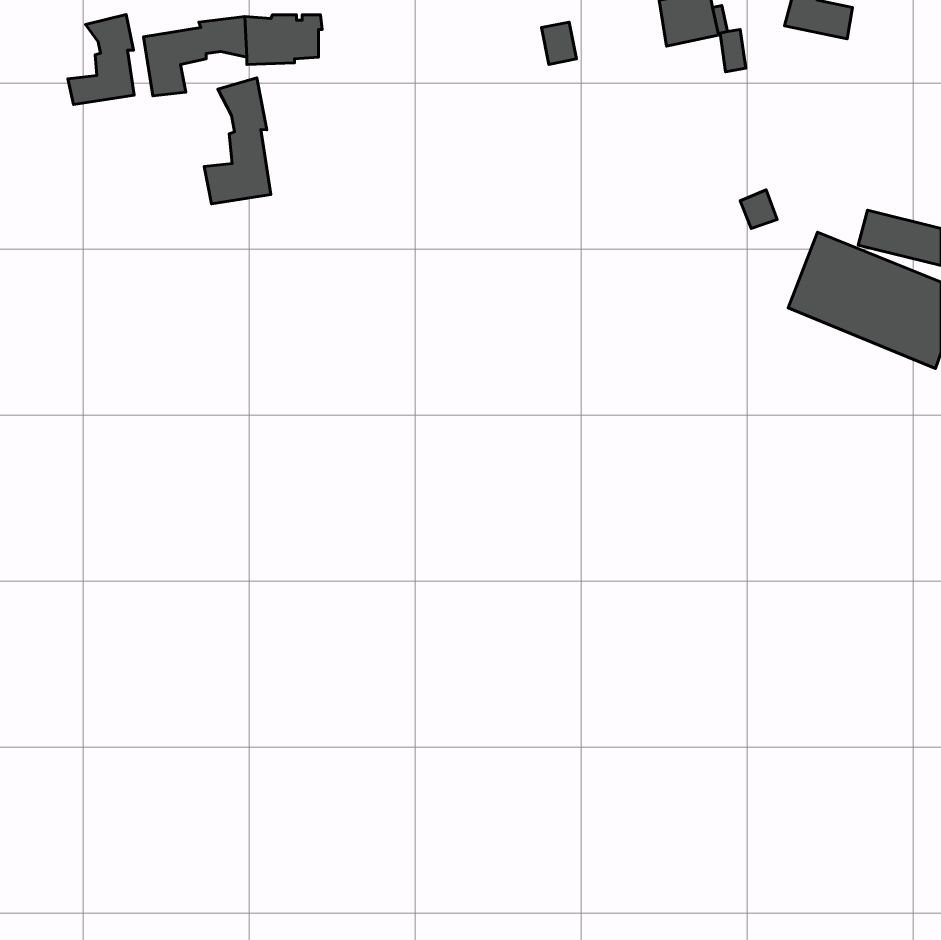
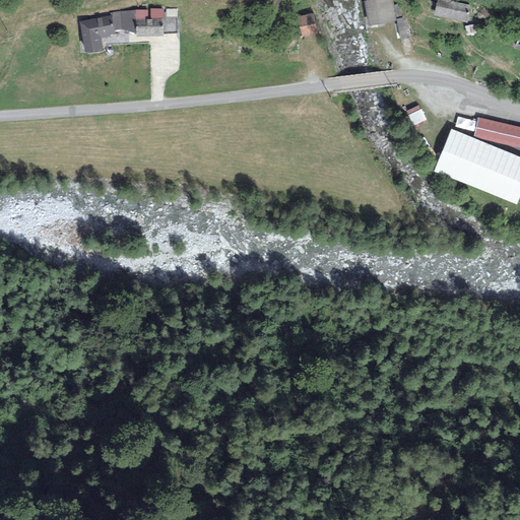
building: [68,15,134,104] -> none
building: [204,78,271,204] -> none

